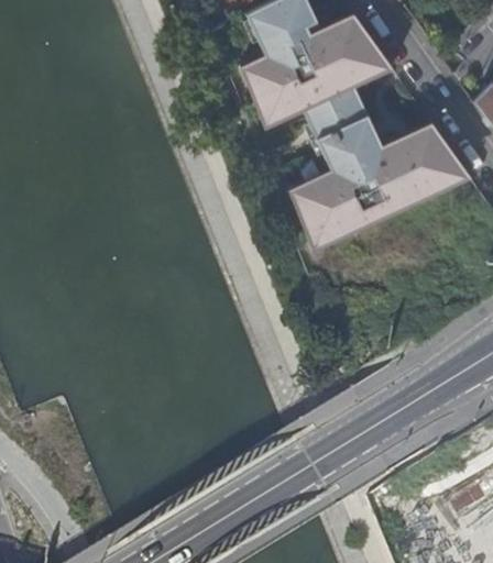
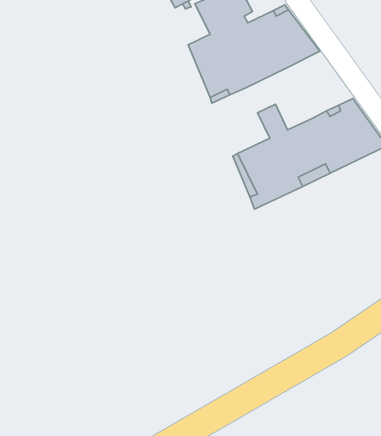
building: [305,86,383,158] -> none

